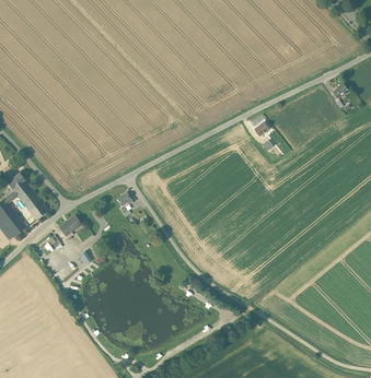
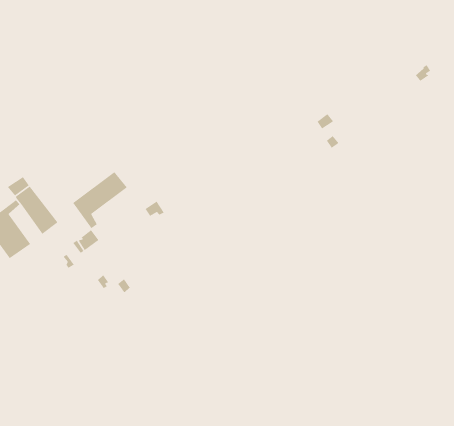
building: none -> [72,171,128,229]

